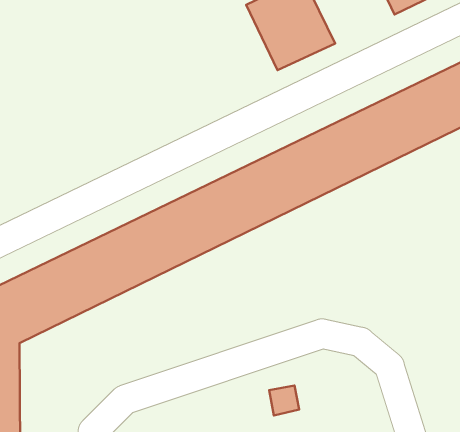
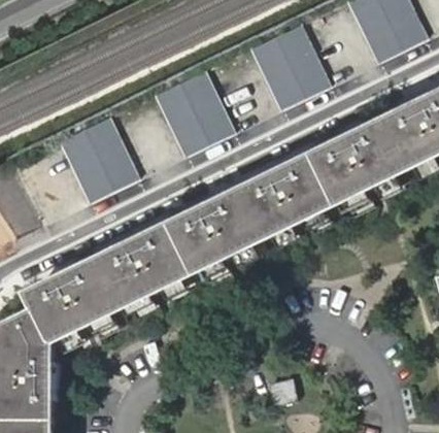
building: none -> [154,71,230,151]
building: none -> [57,119,132,197]

